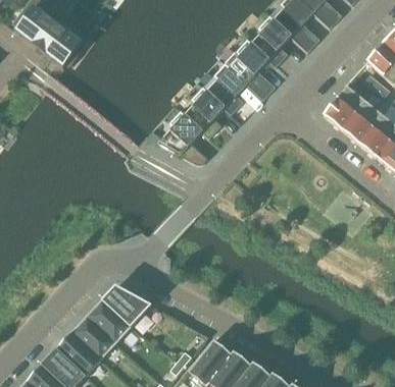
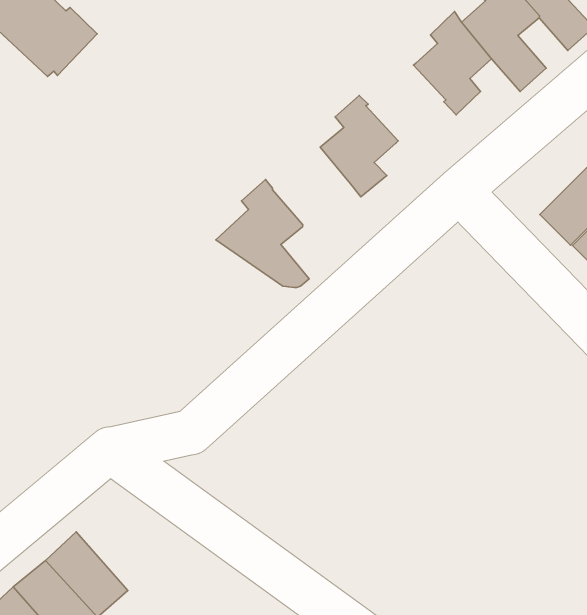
building: [229,39,275,100] -> none
building: [185,87,225,139] -> none
building: [101,285,152,328] -> none

